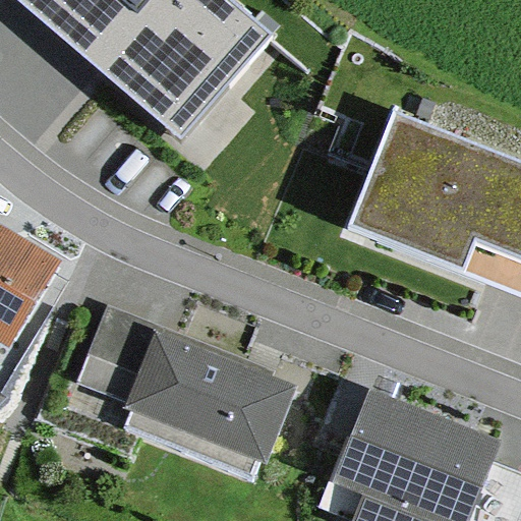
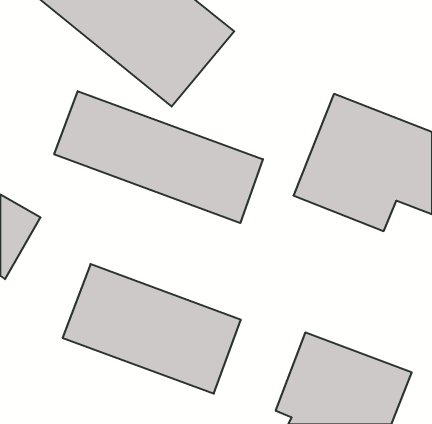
building: none -> [54,91,263,223]

